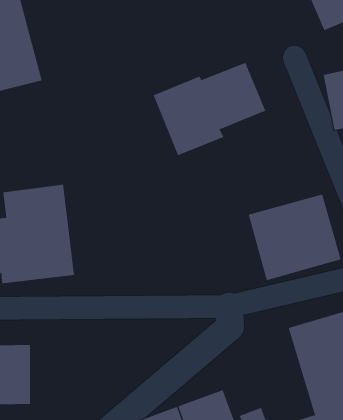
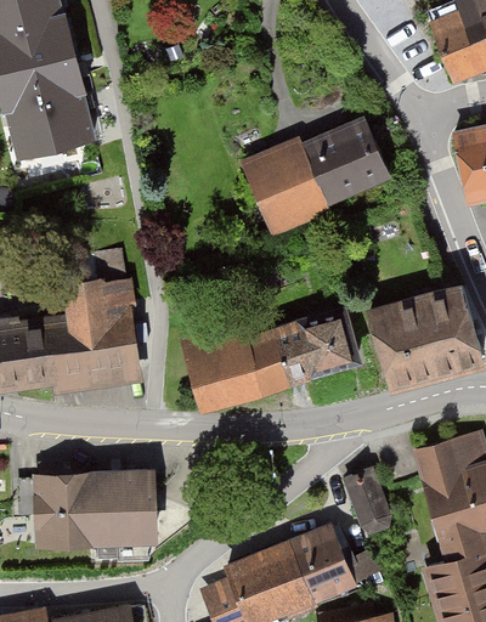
building: none -> [175,309,355,409]
building: none -> [346,463,394,528]
building: none -> [89,471,148,547]

